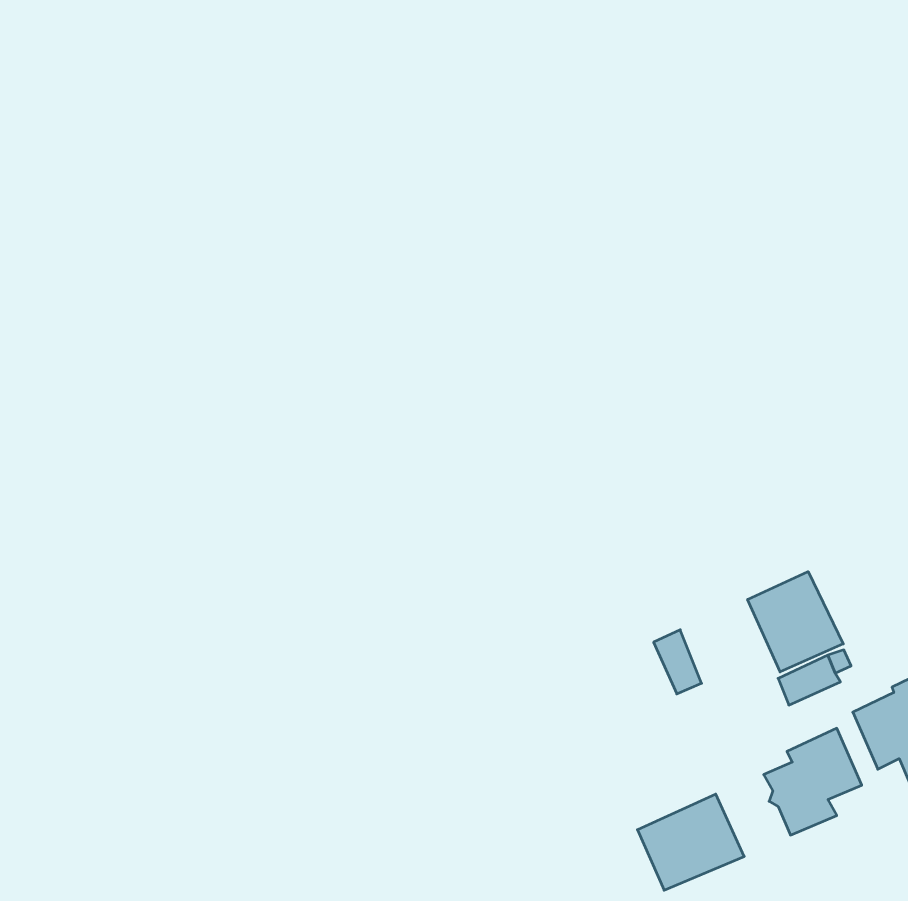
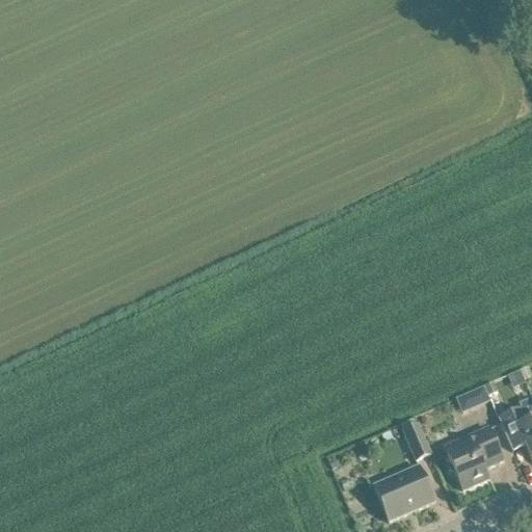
building: [748,572,843,672] -> none
building: [654,630,702,694] -> [403,421,431,458]

